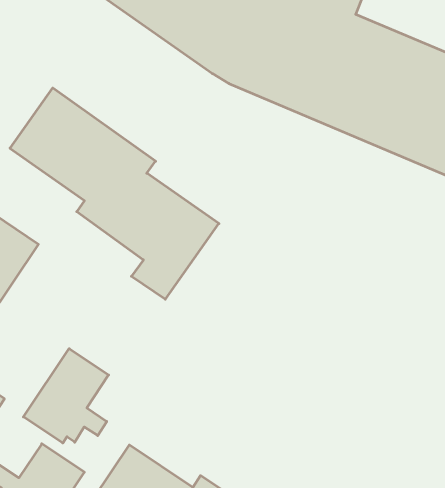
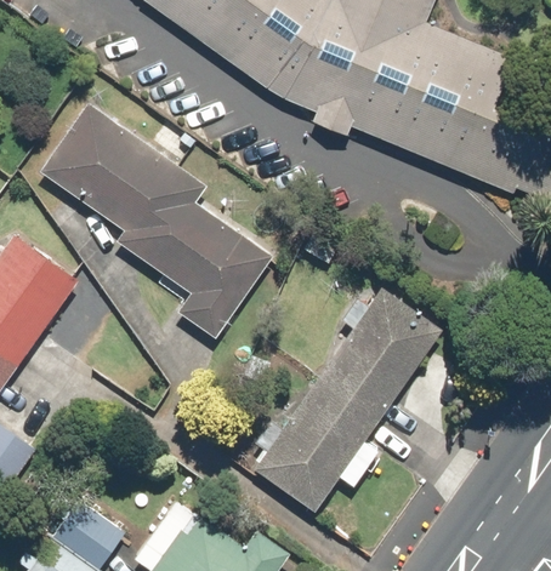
building: none -> [252,285,443,513]
building: [23,349,109,443] -> none

